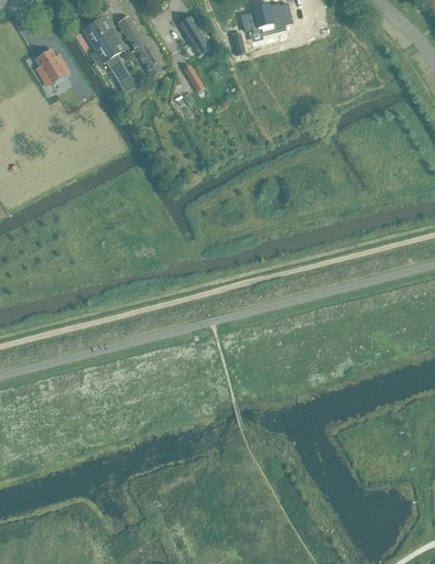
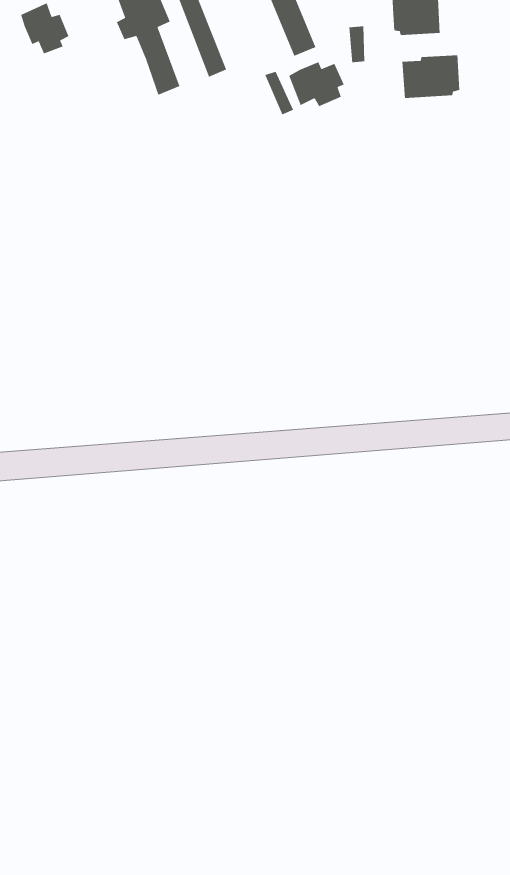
building: none -> [401,55,460,99]
building: none -> [288,61,345,107]

